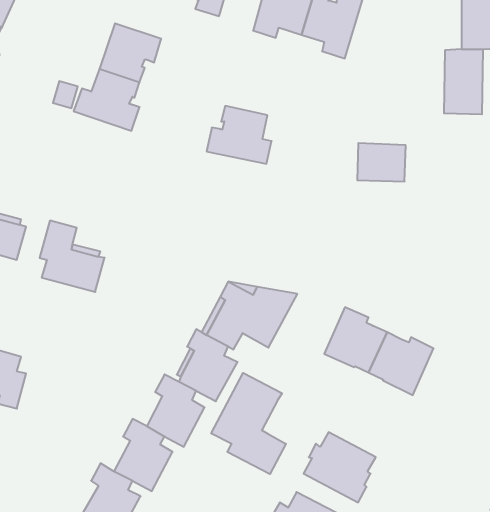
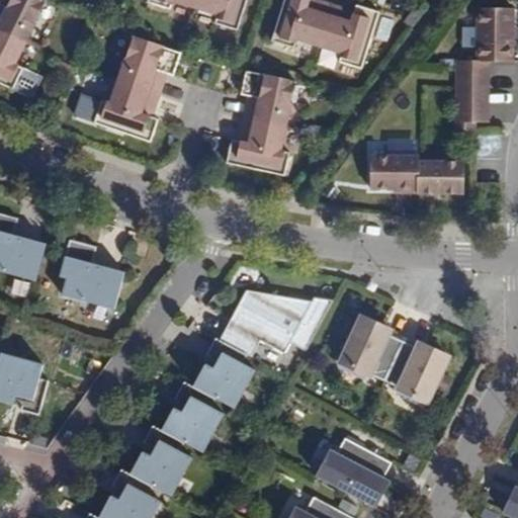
building: none -> [240,71,292,127]
building: none -> [418,157,466,193]
building: [211,373,286,474] -> none

